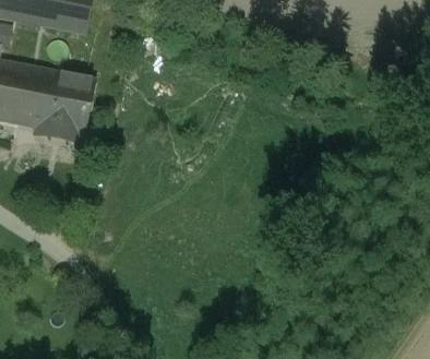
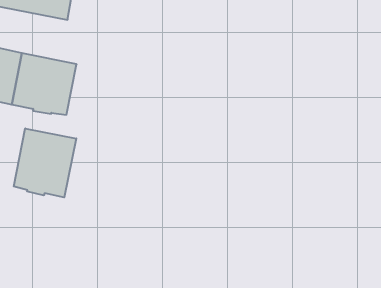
building: none -> [14,128,76,197]

